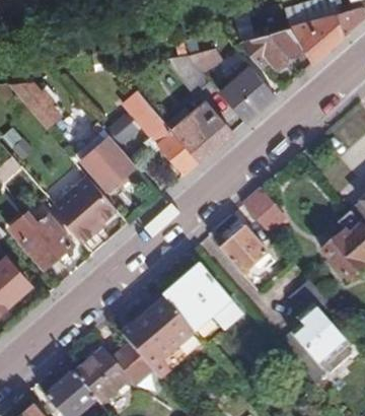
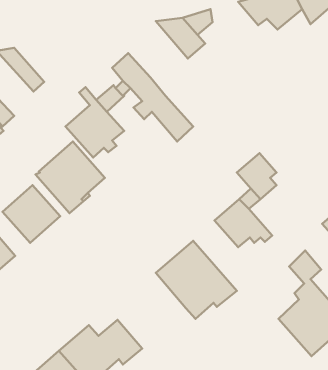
building: [222,66,276,119] -> none
building: [174,101,232,158] -> none
building: [122,297,194,377] -> none

